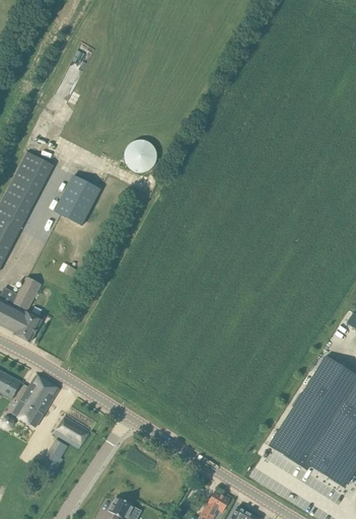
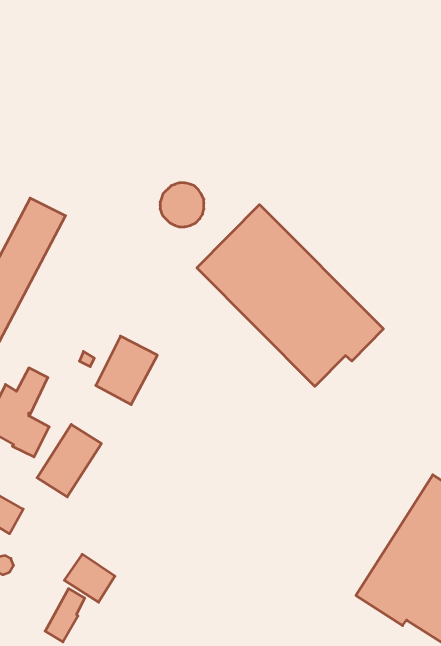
building: none -> [197,205,383,386]
building: [55,175,100,226] -> [96,336,157,405]
building: [11,373,59,427] -> [37,424,101,497]

